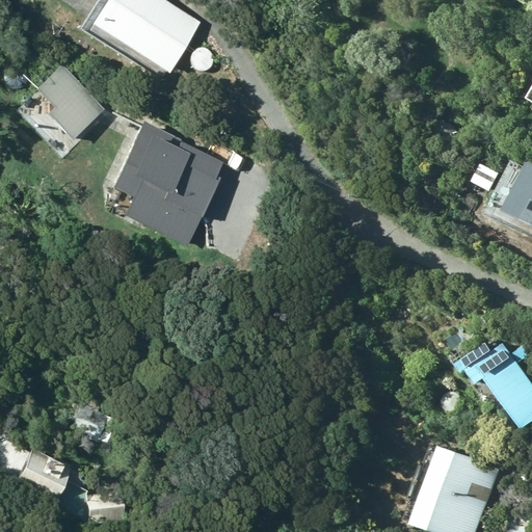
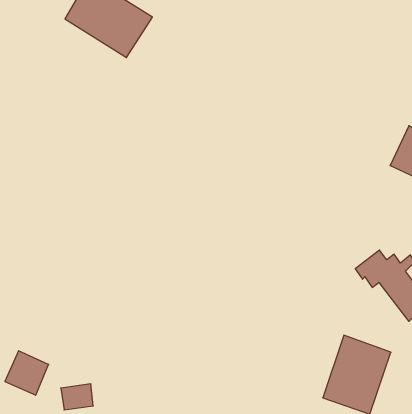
building: [37,71,103,141] -> none
building: [103,128,225,250] -> none

